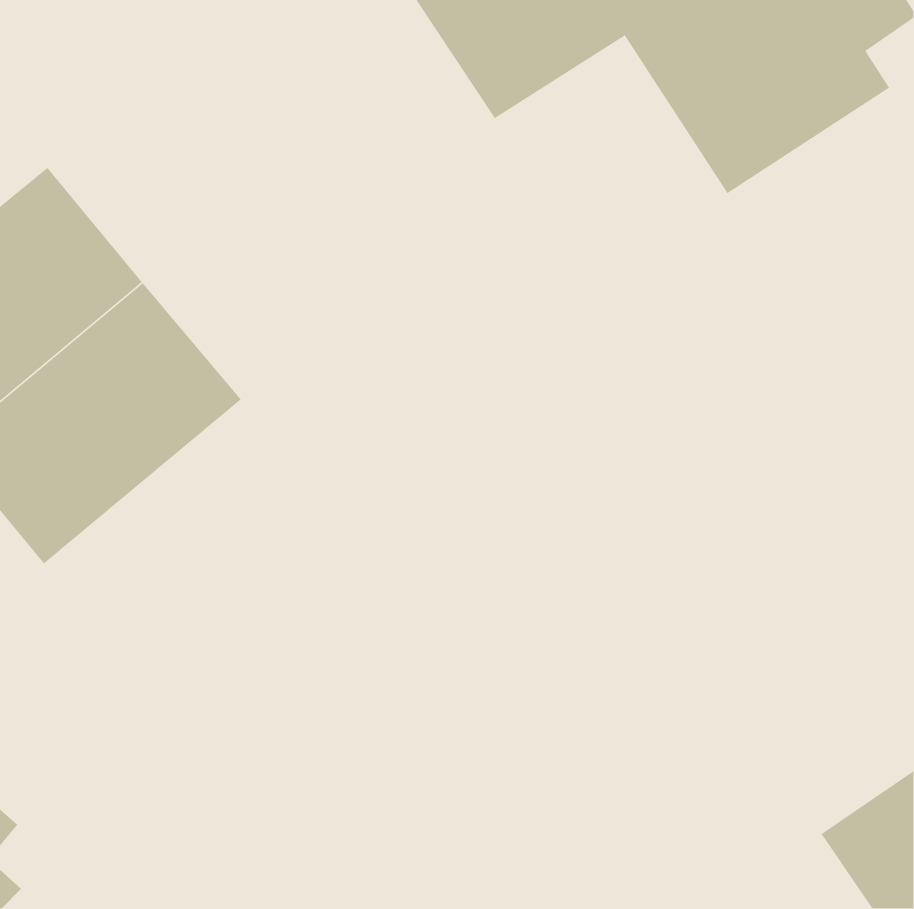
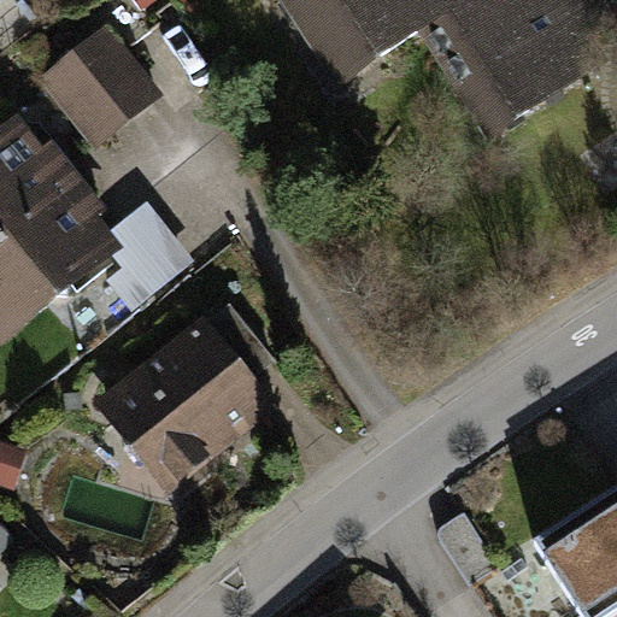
building: none -> [37,25,159,149]
building: none -> [100,311,283,488]

